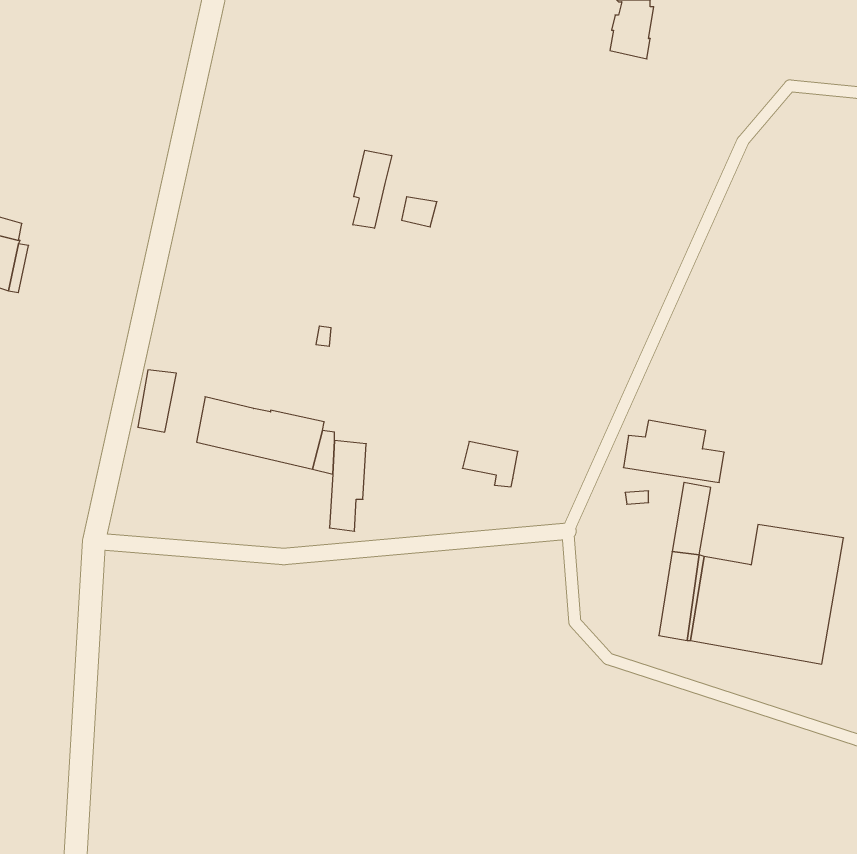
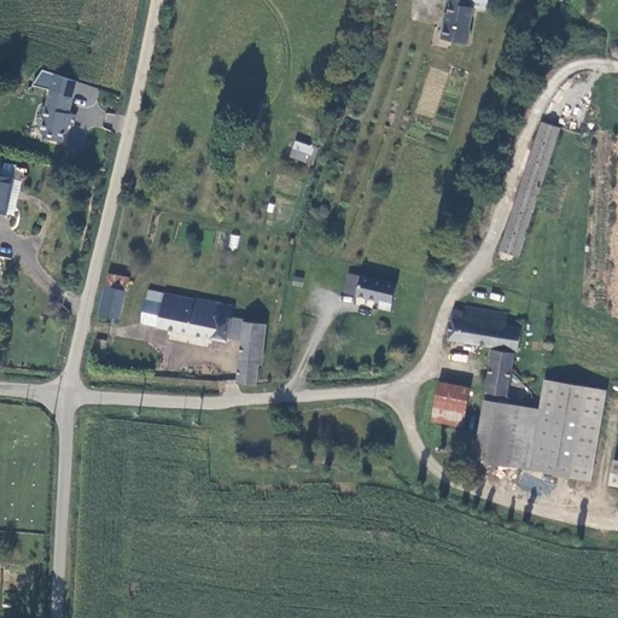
building: none -> [33,72,80,148]
building: [353,150,392,228] -> none
building: none -> [500,121,561,256]
building: [462,441,518,487] -> [354,274,393,307]
building: none -> [428,383,467,427]

